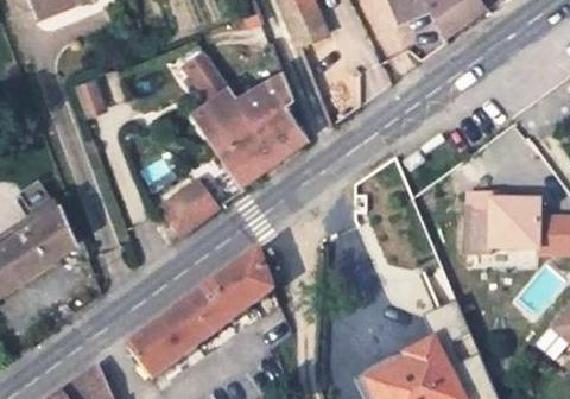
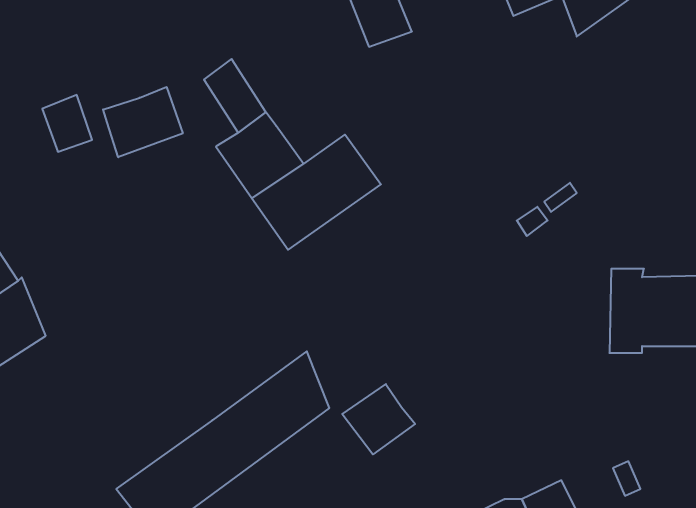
building: none -> [103,87,183,157]
building: [235,70,294,122] -> none
building: [159,182,218,236] -> none
building: none -> [342,384,415,454]

